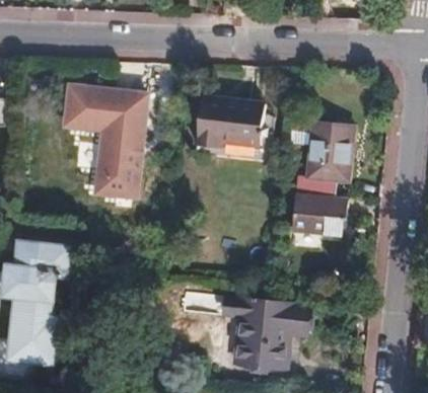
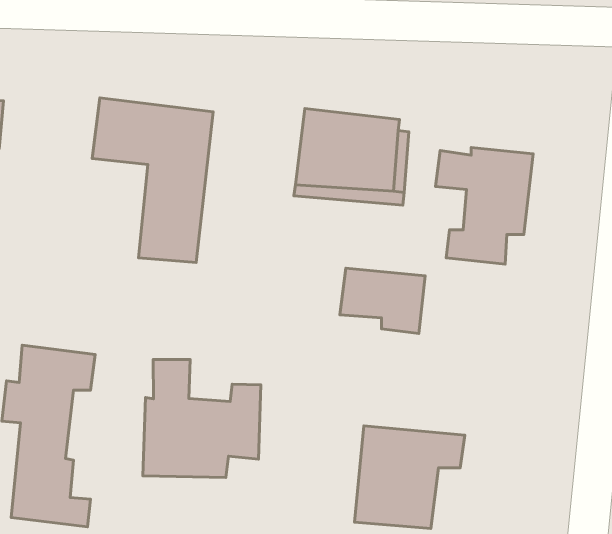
building: [292,193,348,236] -> [340,268,425,333]
building: none -> [143,359,261,478]

